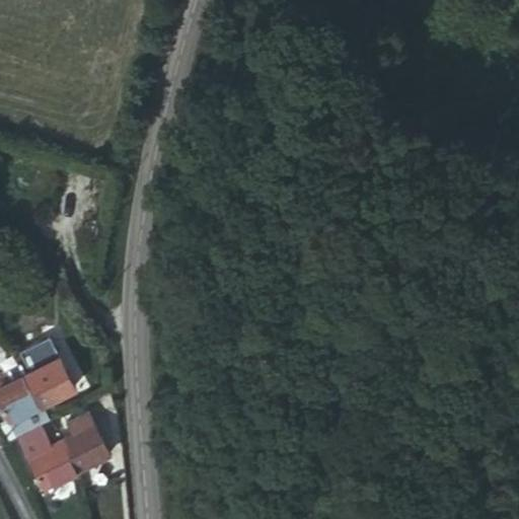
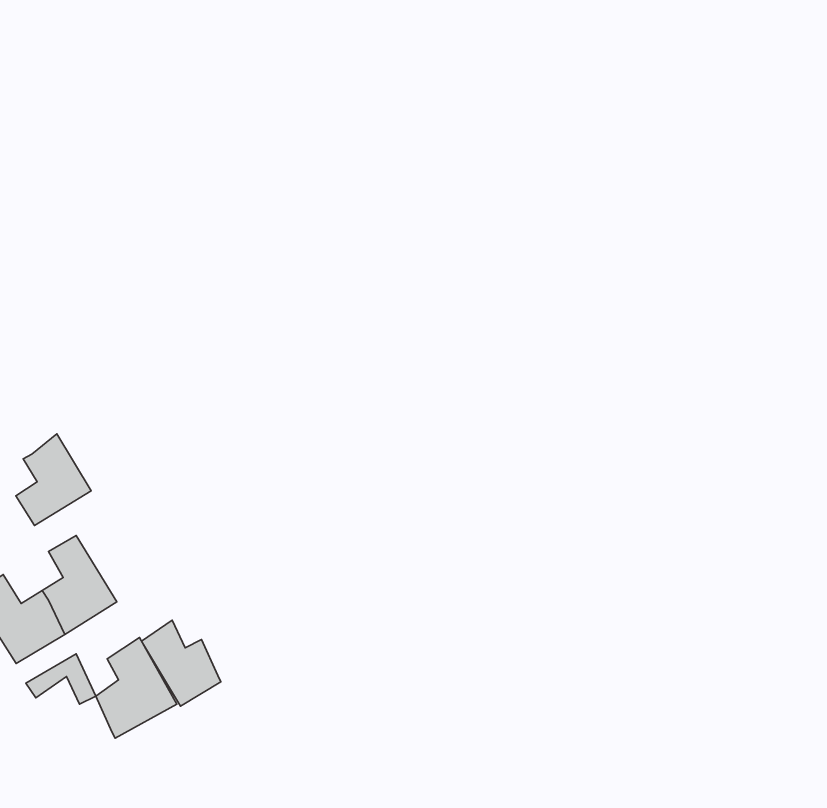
building: none -> [16,434,91,525]
building: [22,436,72,490] -> [141,620,221,706]

